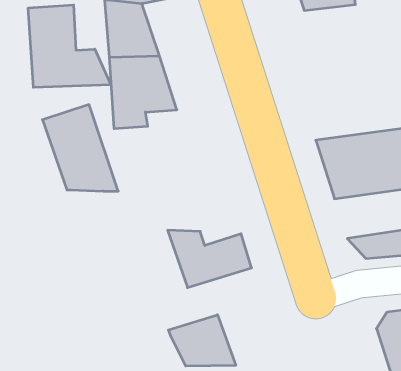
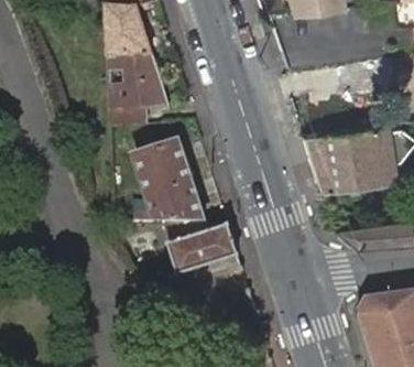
building: [28,5,111,87] -> none
building: [42,105,118,191] -> [135,142,207,224]
building: [168,315,236,366] -> none

